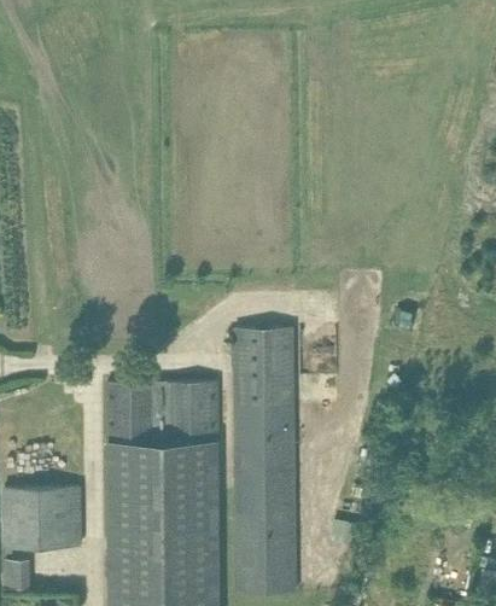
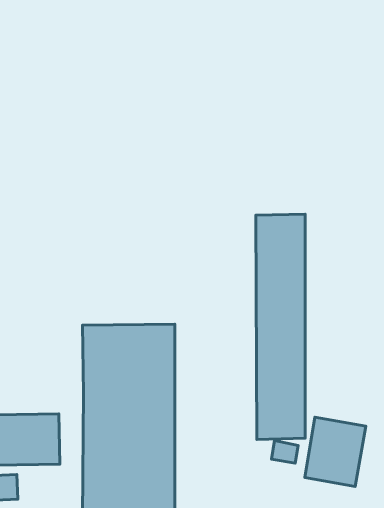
building: [237,330,294,594] -> [256,214,305,439]
building: none -> [305,417,366,486]

